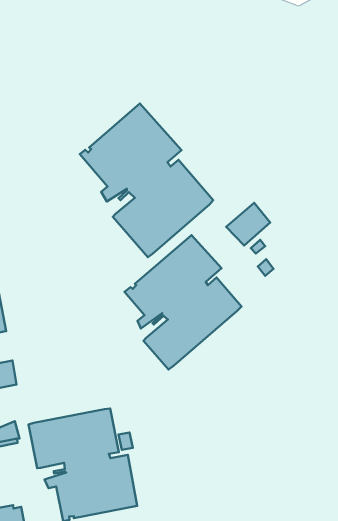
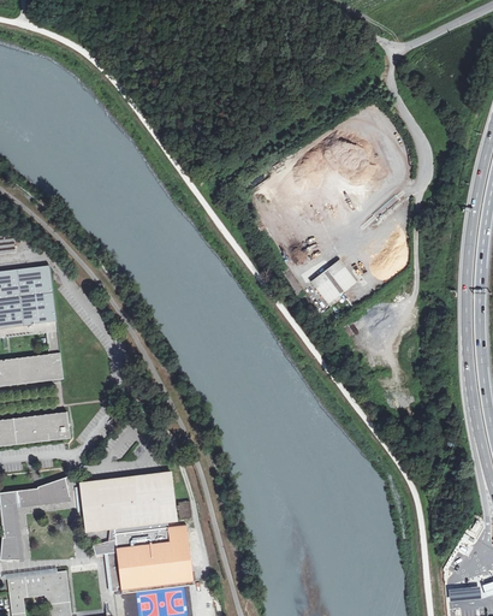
building: [80,103,213,257] -> none
building: [124,235,242,370] -> none

